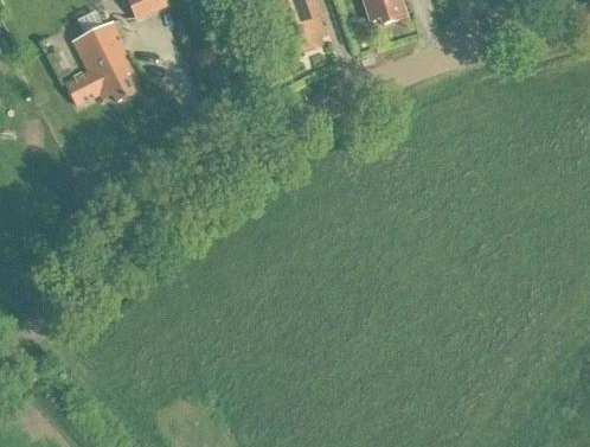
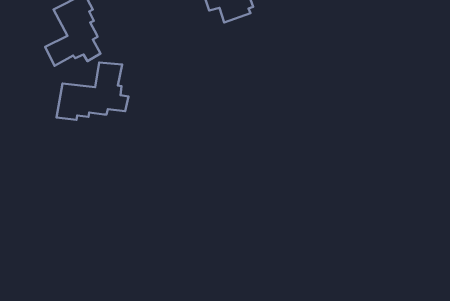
building: none -> [57,62,129,120]

